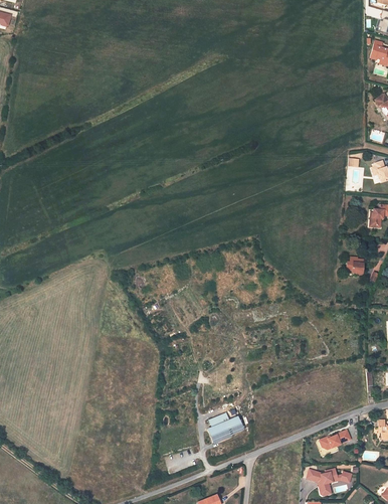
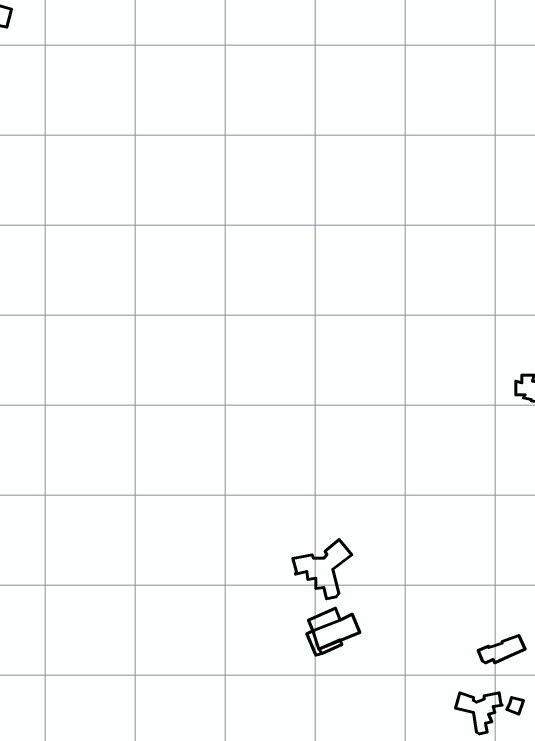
building: none -> [293,539,352,599]

